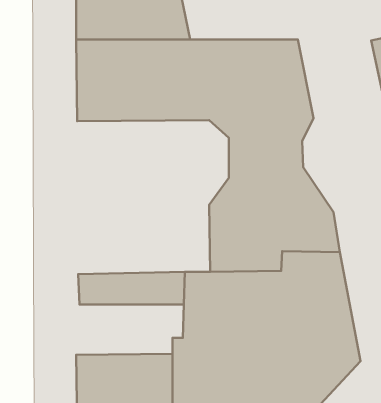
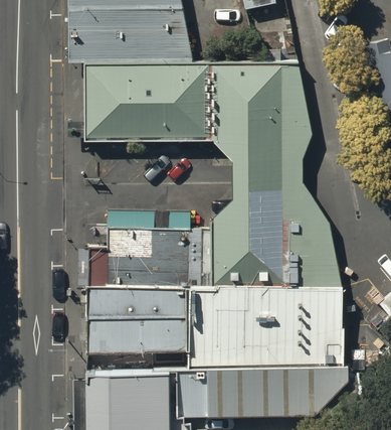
building: none -> [85,230,202,287]
building: none -> [86,316,187,349]

